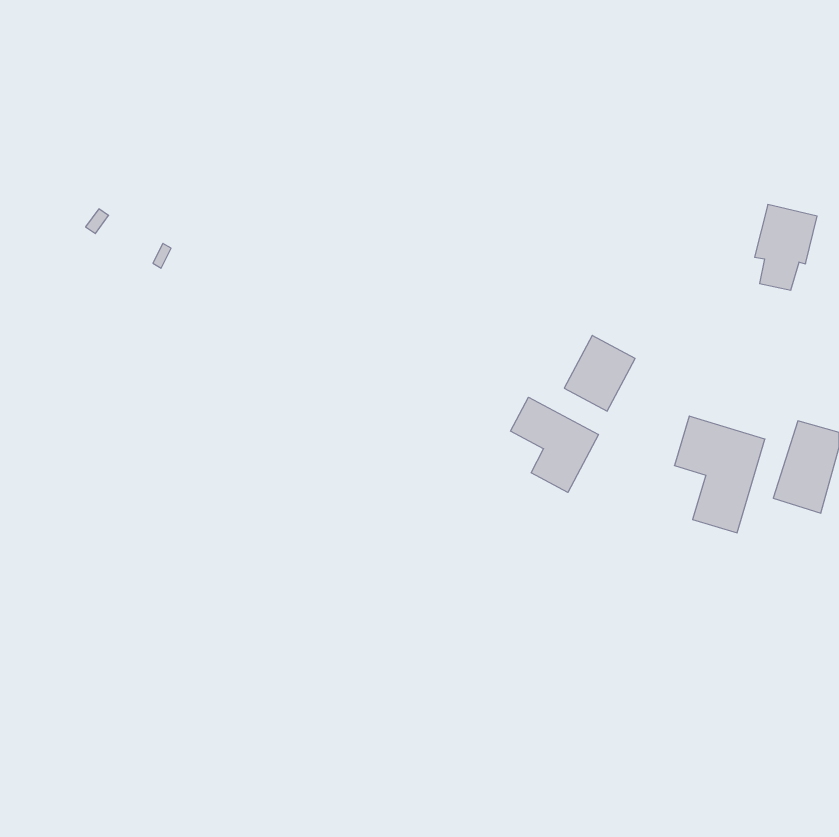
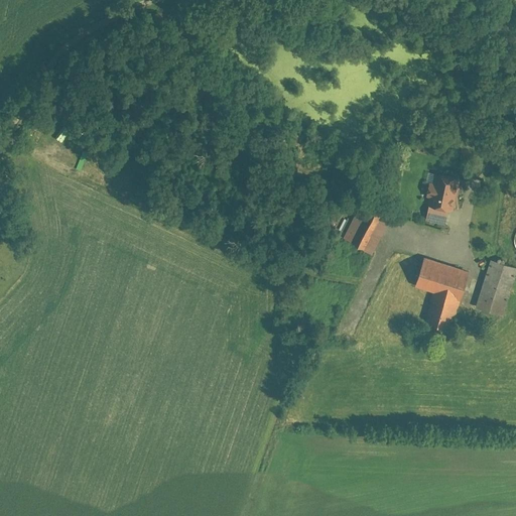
building: [755,205,817,290] -> [421,173,460,226]
building: [511,397,598,492] -> none

